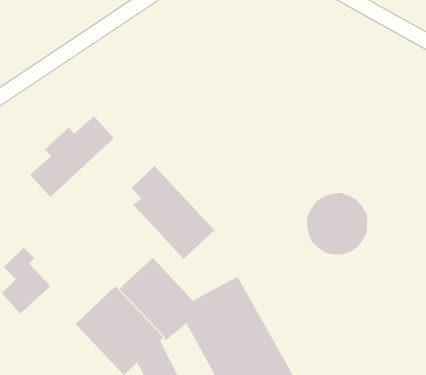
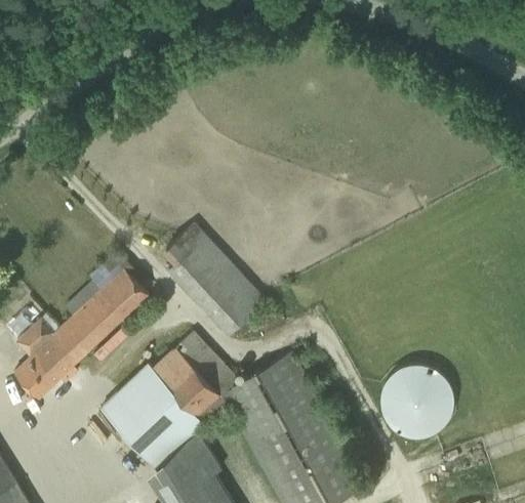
building: [29,115,114,198] -> [48,269,148,366]
building: [306,193,368,255] -> [380,365,453,437]

